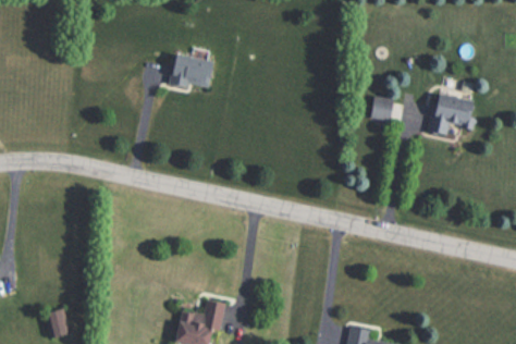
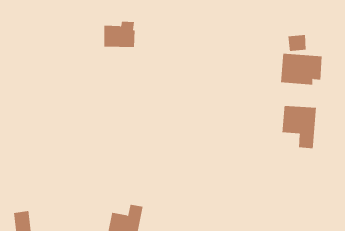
building: [373,98,400,121] -> [287,35,307,51]
building: none -> [282,105,316,149]

